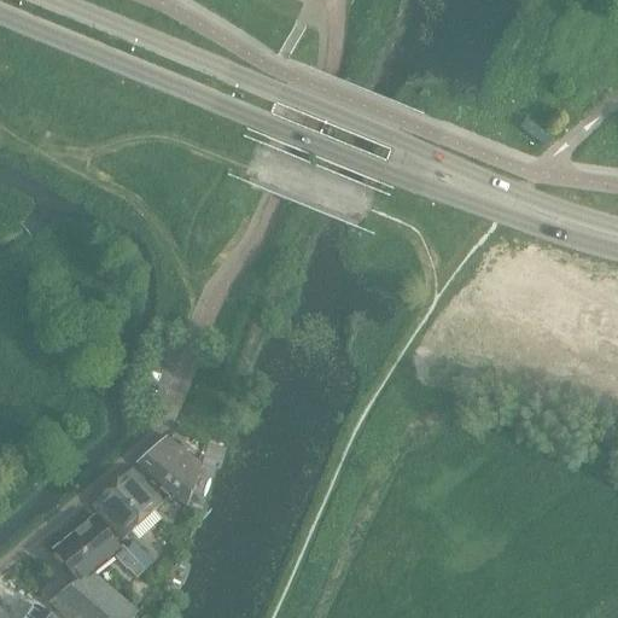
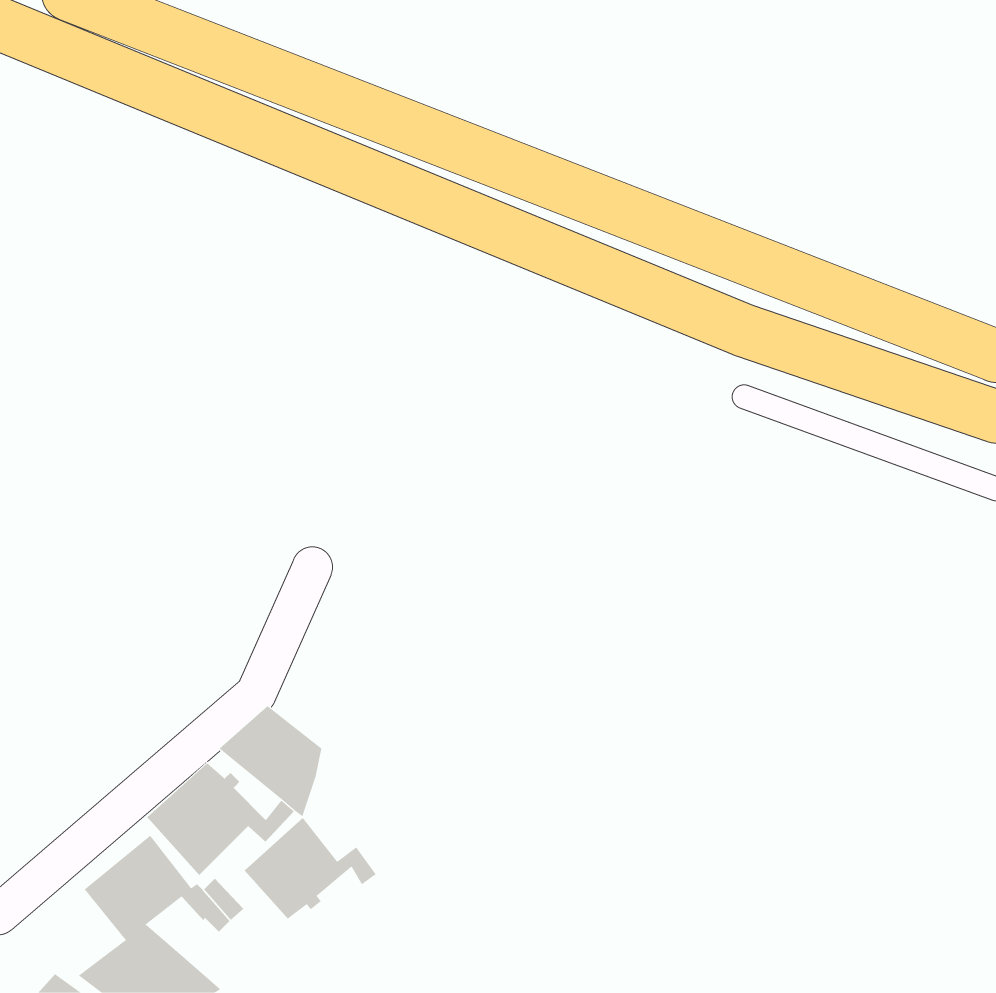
building: none -> [244,817,377,919]

